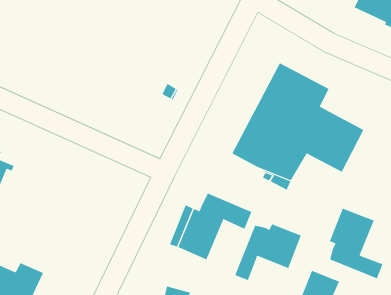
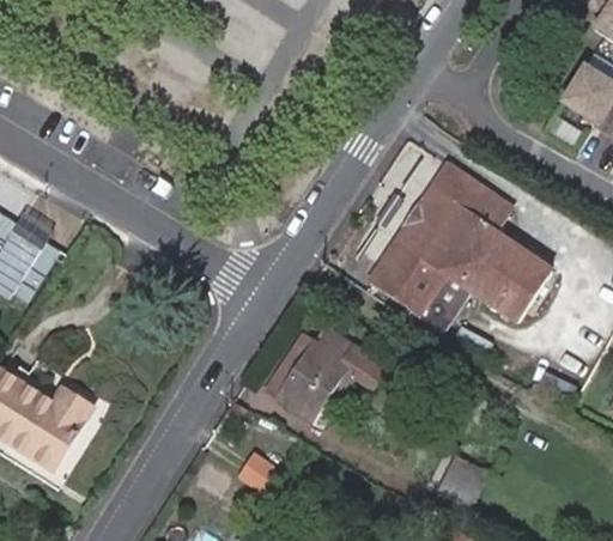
building: [329,208,383,279] -> none
building: [235,223,301,281] -> none

